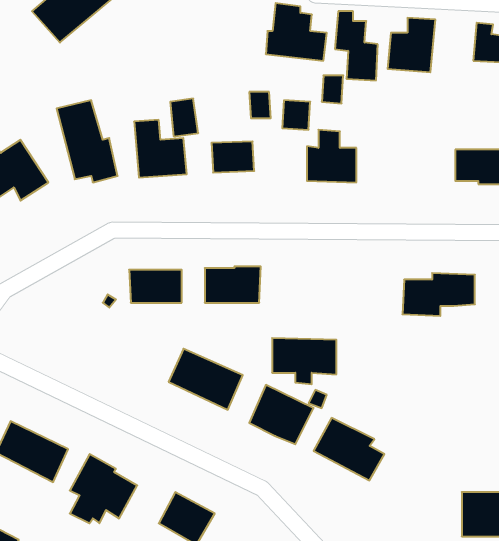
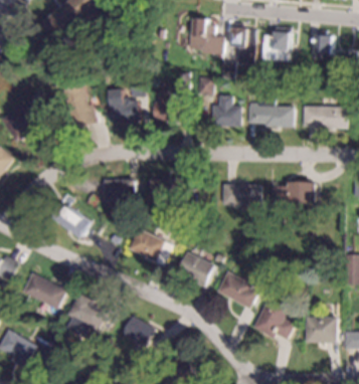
building: none -> [248,98,294,127]
building: none -> [50,203,91,238]
building: [272,338,336,384] -> [222,183,261,211]
building: none -> [253,297,295,338]

